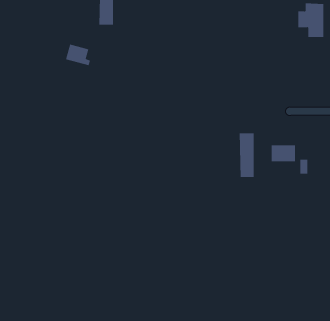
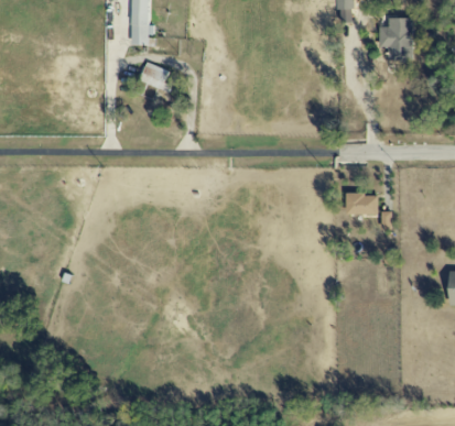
building: [65,44,91,66] -> [139,63,171,90]
building: [239,133,254,178] -> none

